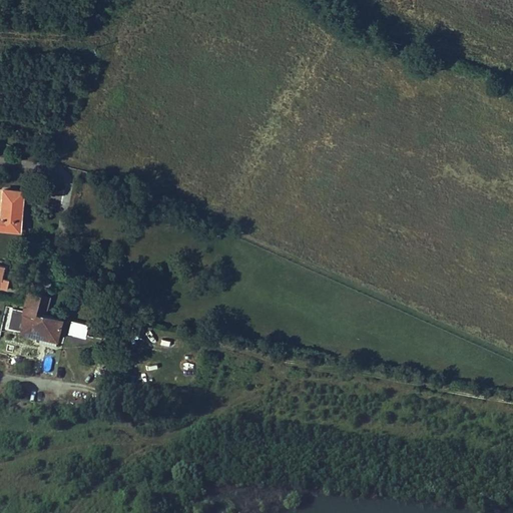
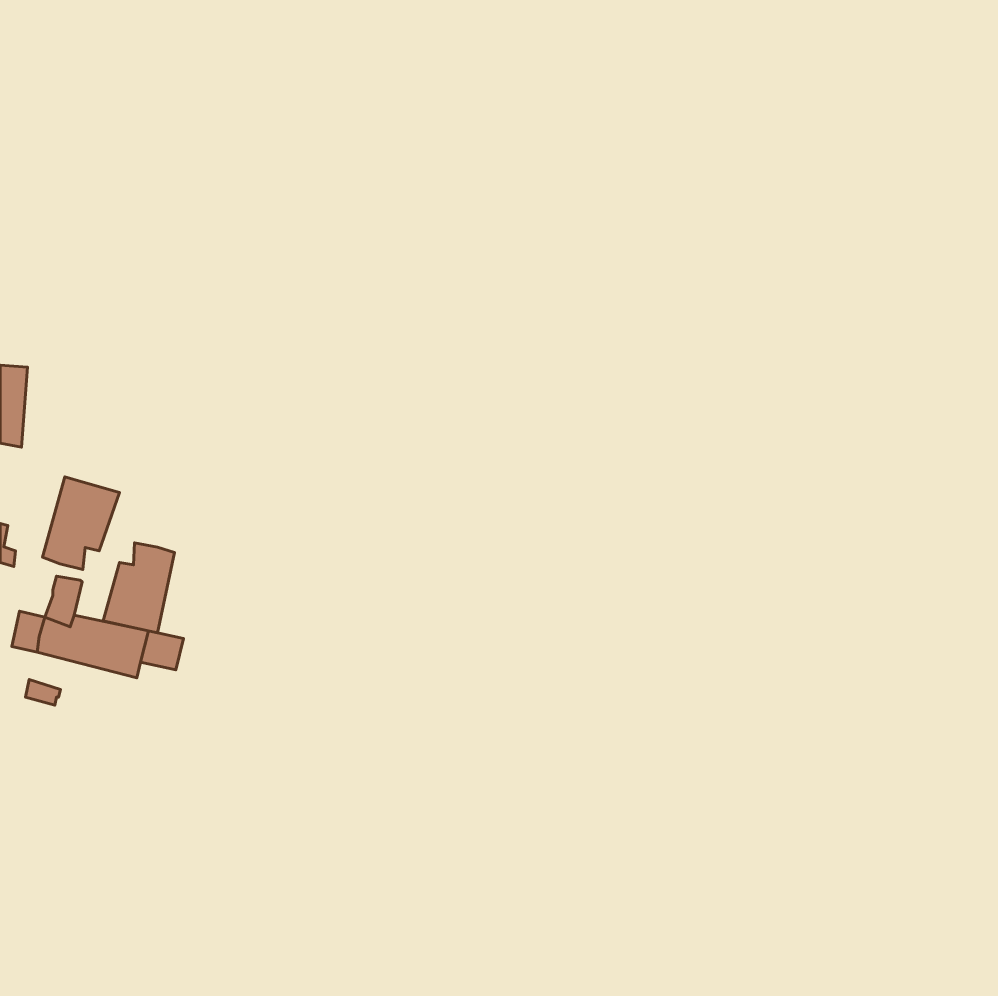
building: none -> [43,477,119,570]
building: none -> [103,543,175,633]

